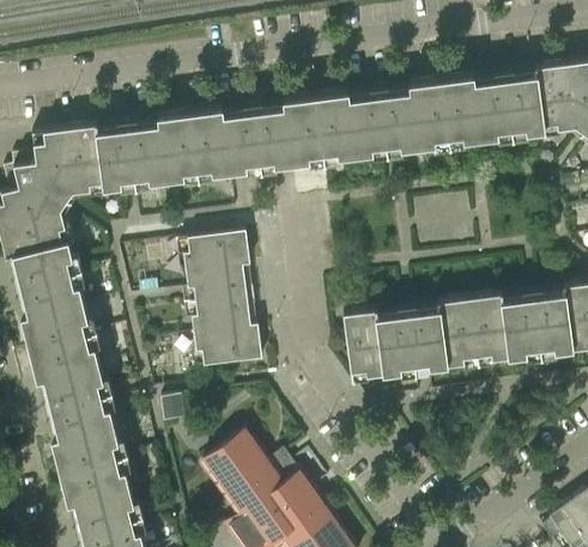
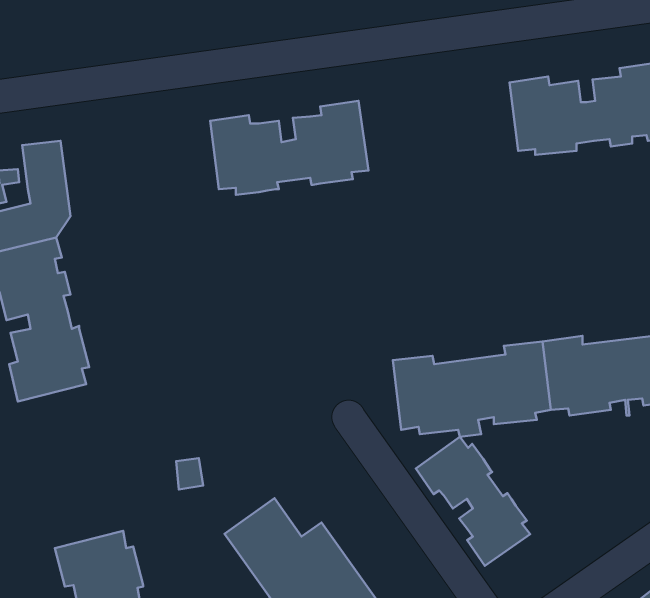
building: [315,84,449,162] -> none
building: [65,116,198,196] -> none
building: [183,233,262,369] -> none
building: [29,338,119,475] -> none
building: none -> [416,437,530,566]

